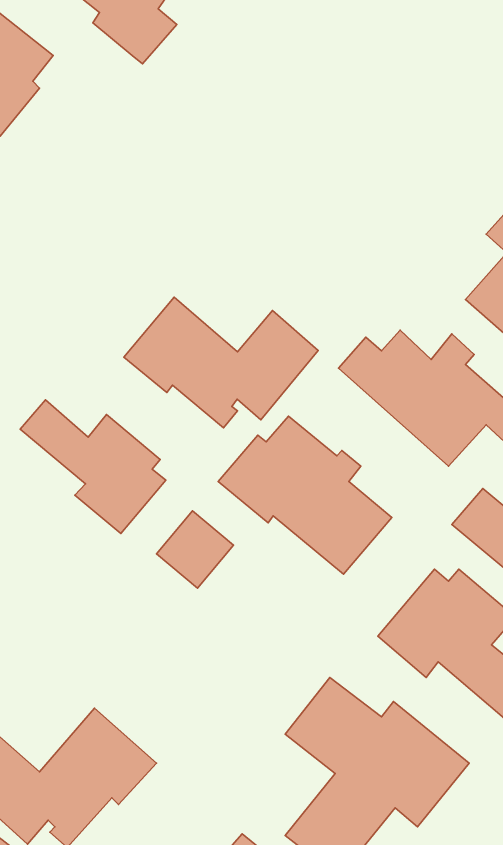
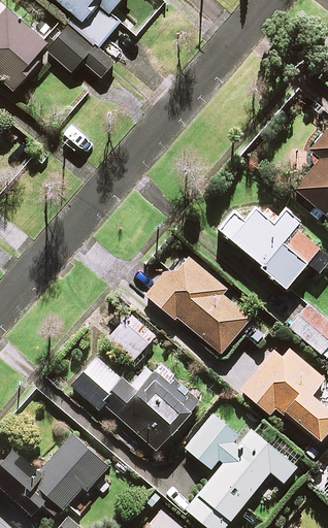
building: none -> [46,24,113,78]
building: [124,297,318,428] -> none
building: [20,400,166,533] -> none
building: none -> [71,355,199,449]

